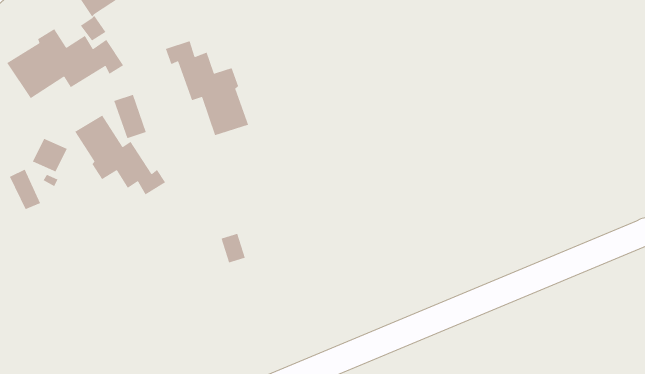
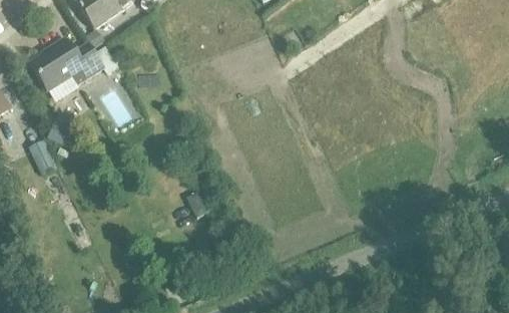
building: [165,40,249,136] -> none
building: [74,114,166,195] -> none

